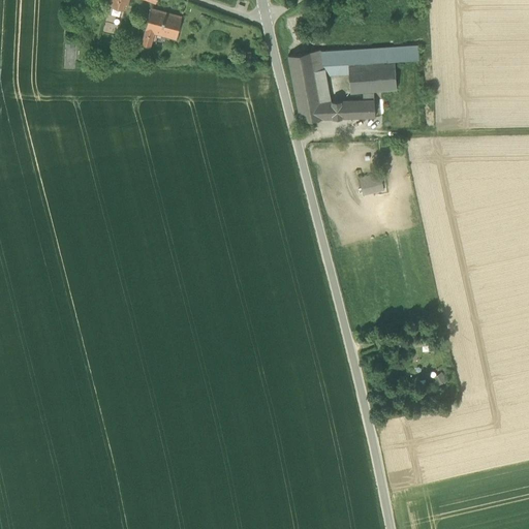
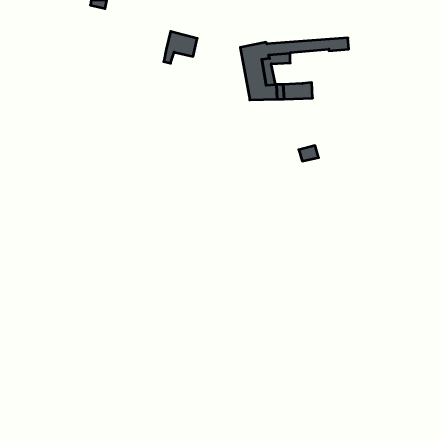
building: [142,9,182,48] -> [164,31,197,63]
building: [348,59,397,92] -> none

